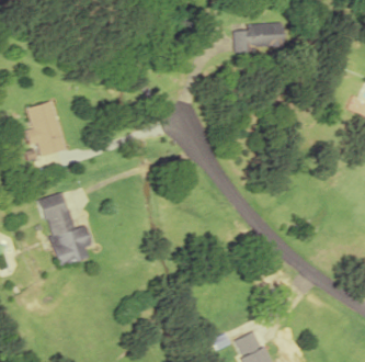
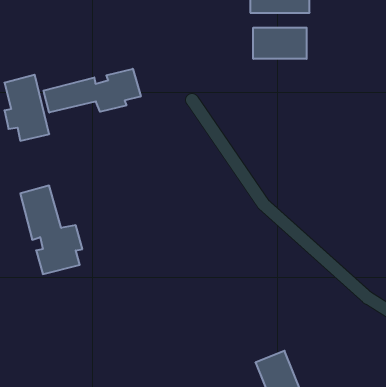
building: none -> [253,28,307,59]
building: none -> [44,69,141,113]

